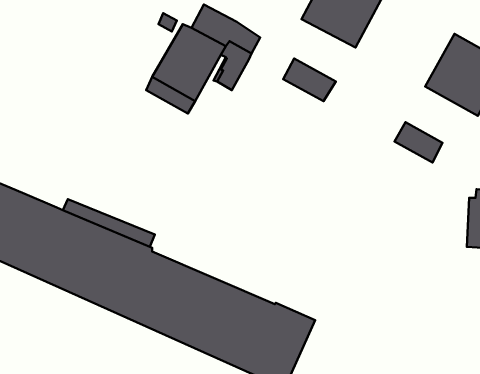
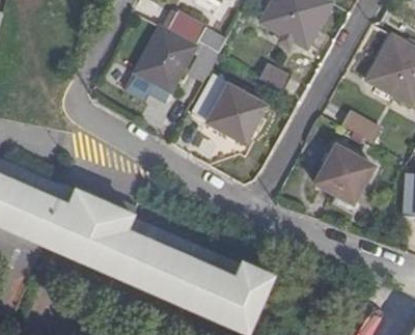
building: none -> [193,77,265,143]
building: none -> [314,146,372,203]

